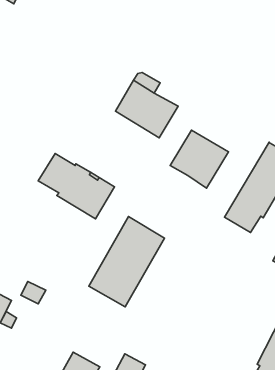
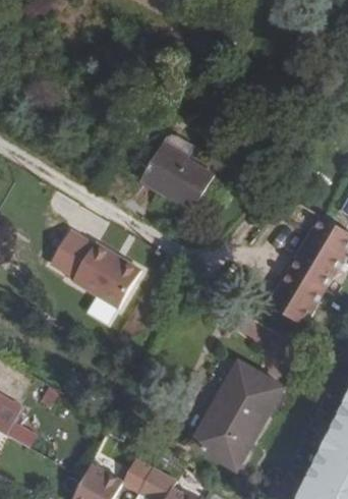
building: [170,130,228,188] -> none
building: [89,217,165,307] -> [191,361,281,467]

